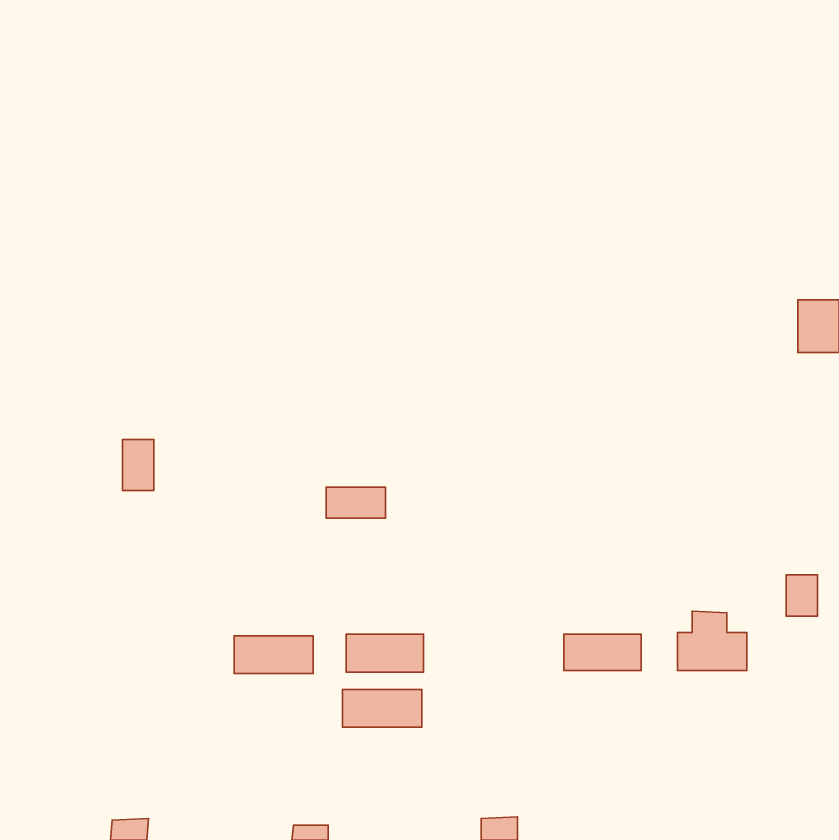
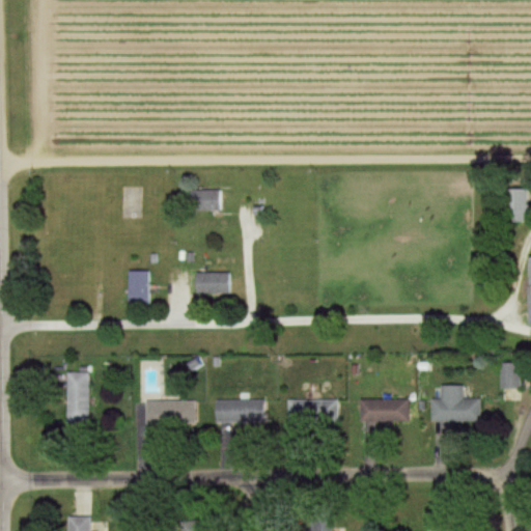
building: none -> [184,190,218,211]
building: [122,440,154,491] -> [131,271,150,303]
building: [326,487,385,518] -> [190,273,227,292]
building: none -> [68,371,91,422]
building: [343,689,422,727] -> [283,399,333,423]

